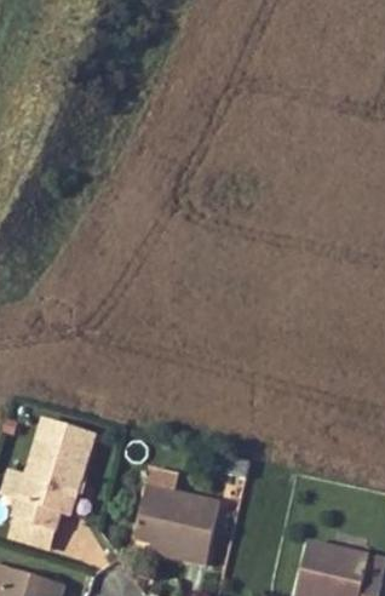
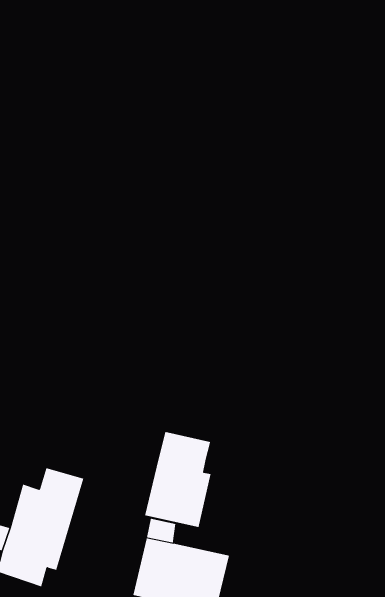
building: none -> [144,431,211,528]

